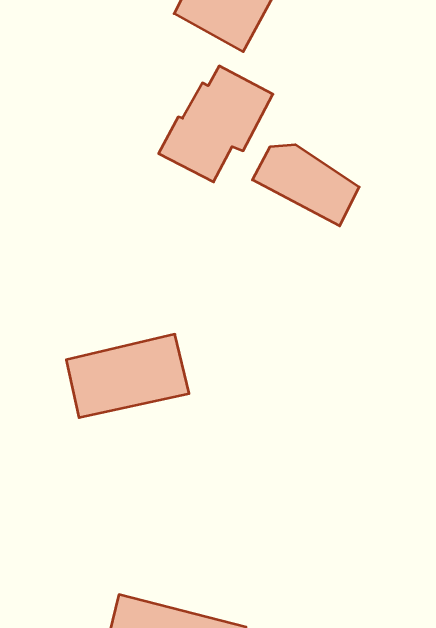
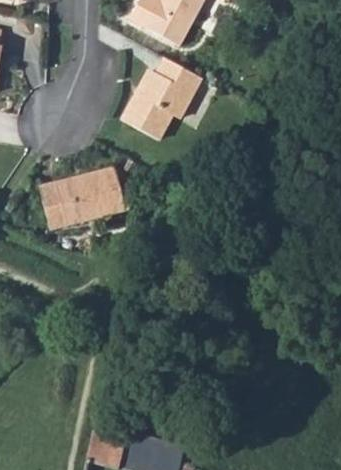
building: [252,145,359,226] -> none
building: [66,334,189,418] -> [38,166,125,225]

